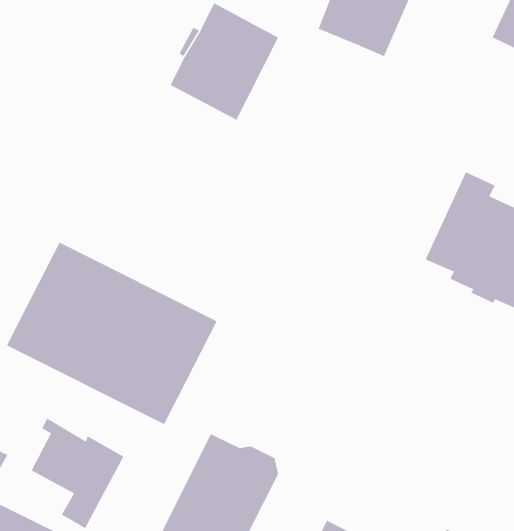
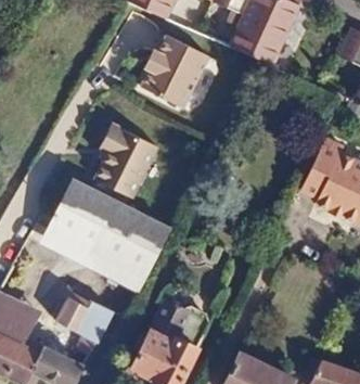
building: none -> [95,125,157,199]

